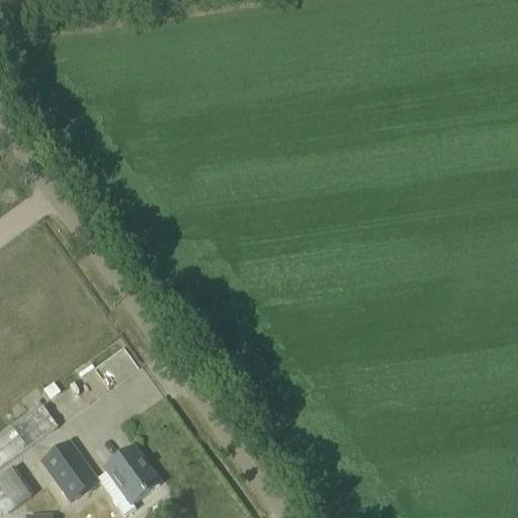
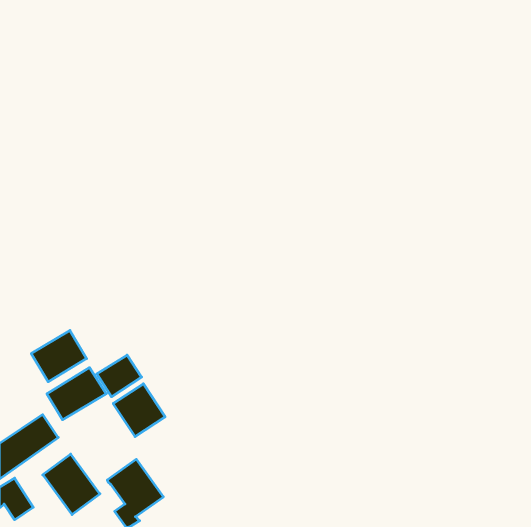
building: none -> [31,330,87,382]
building: none -> [113,384,165,437]

